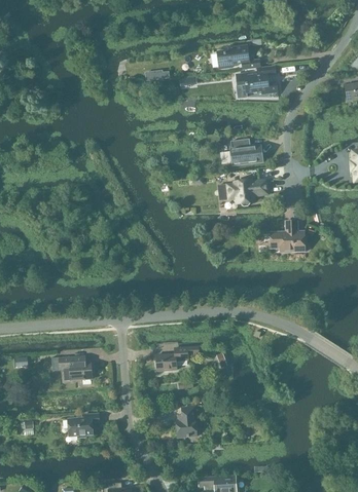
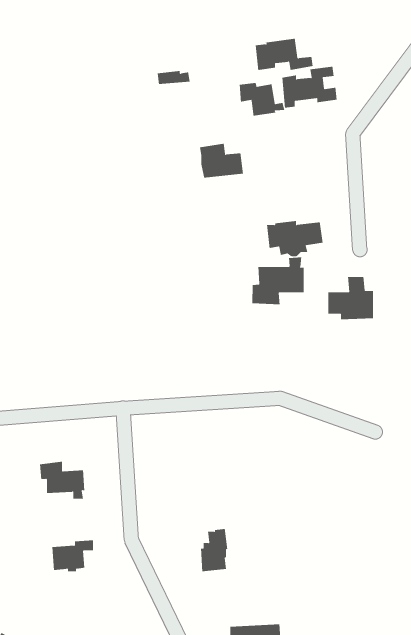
building: none -> [239,82,285,116]
building: [229,139,262,164] -> [199,143,244,178]
building: none -> [252,256,304,305]
building: [155,346,198,371] -> none

